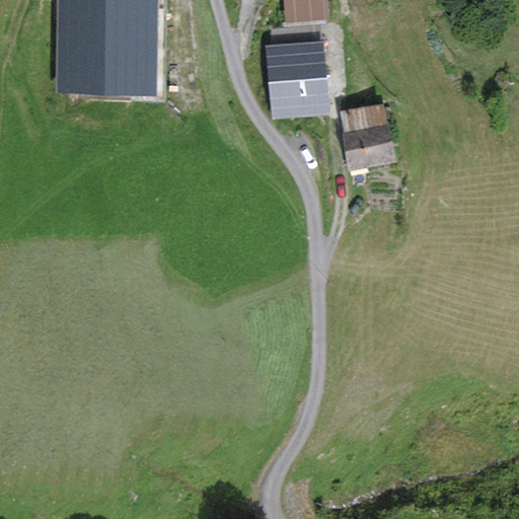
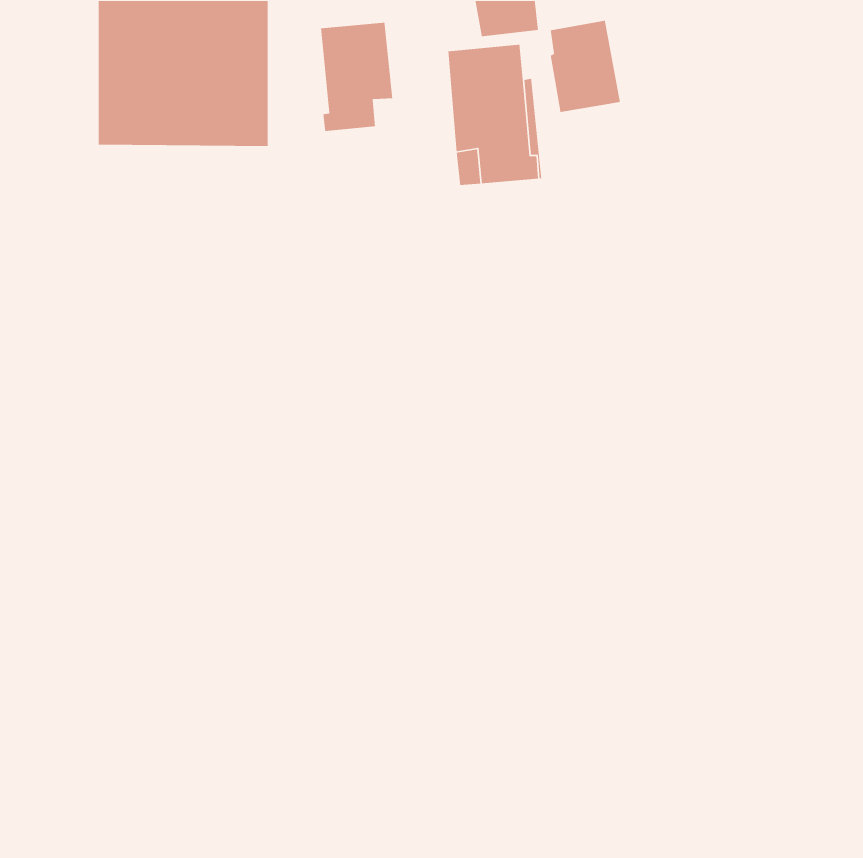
building: none -> [320,22,393,132]
building: [340,110,382,166] -> [550,20,621,113]

